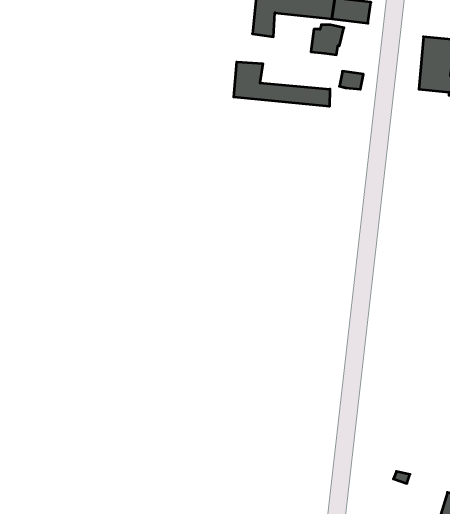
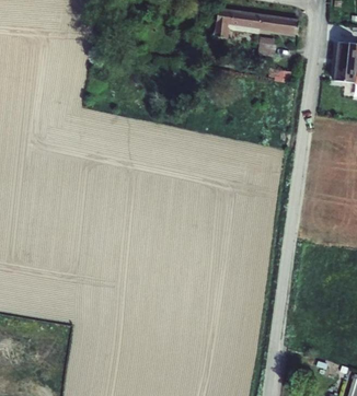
building: [234,62,330,106] -> none

